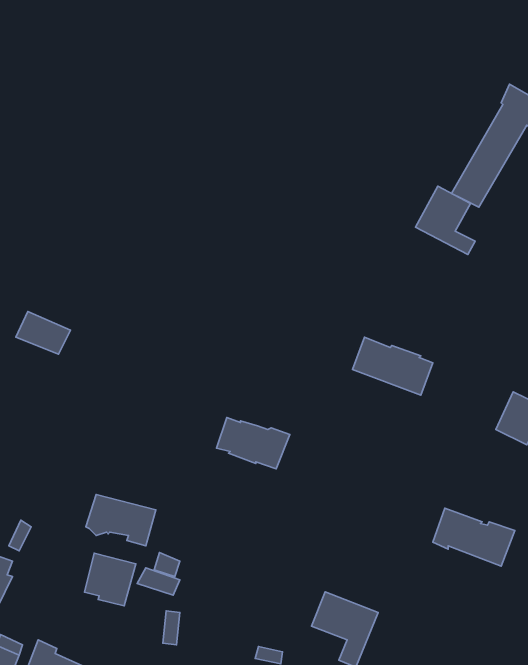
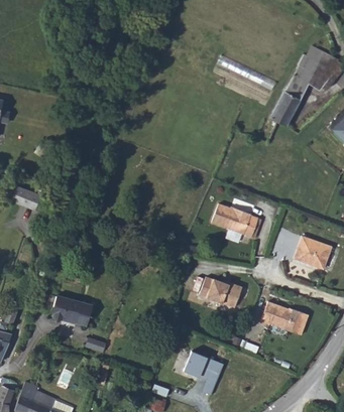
building: [416,186,475,255] -> none
building: [216,417,290,469] -> [198,277,241,307]
building: [85,553,136,606] -> none

